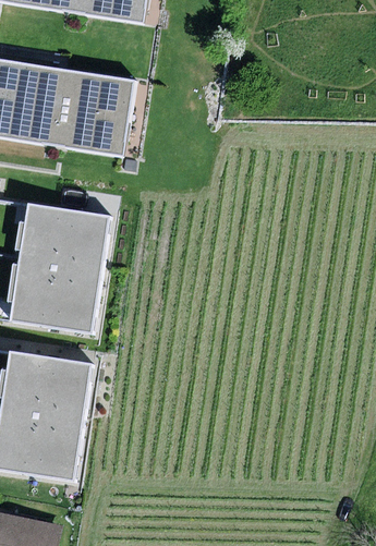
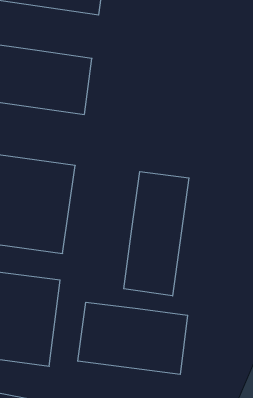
building: none -> [124,172,189,296]
building: none -> [78,302,188,374]

